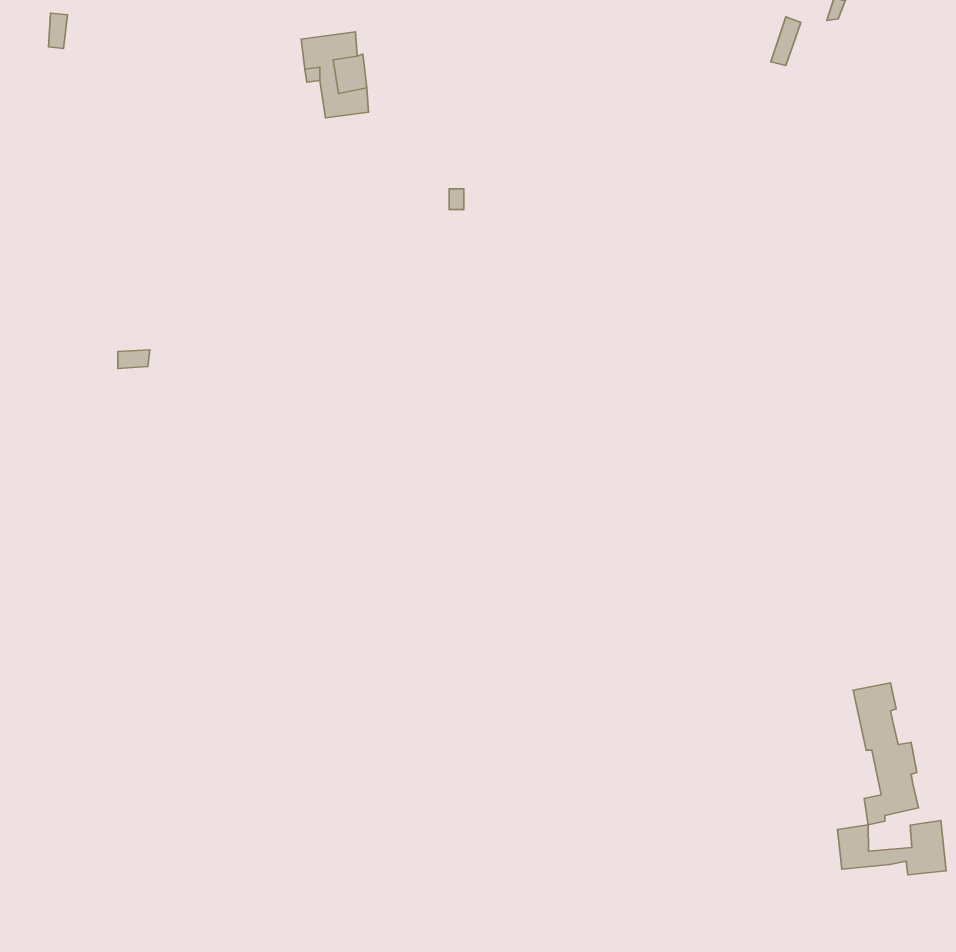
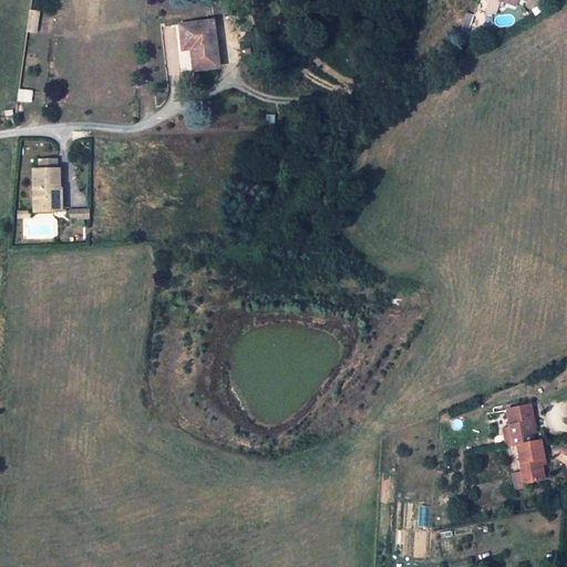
building: none -> [32,157,59,210]
building: [837,820,946,875] -> none

